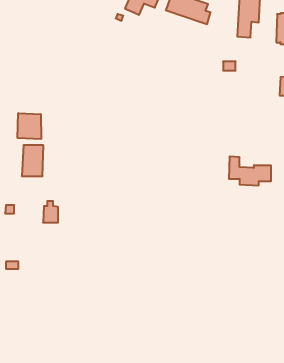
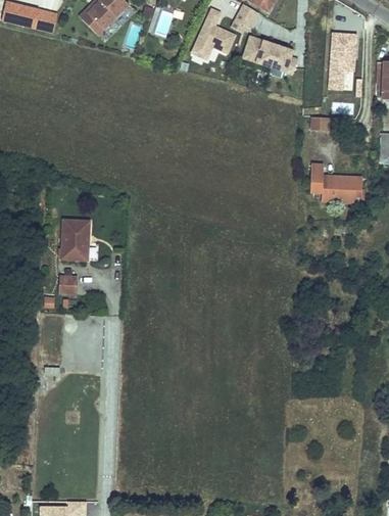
building: [18,113,41,139] -> none
building: [229,156,271,185] -> [308,165,360,200]
building: [43,201,58,223] -> [59,268,78,294]

